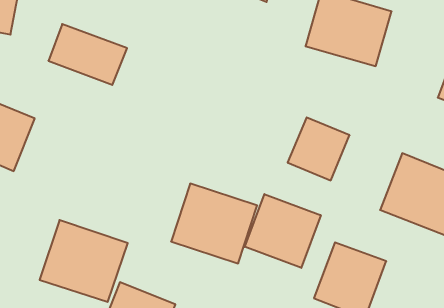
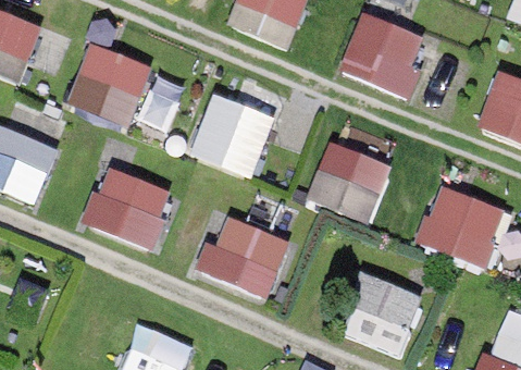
building: none -> [189,97,274,178]
building: [245,194,321,268] -> none
building: [40,220,128,302] -> [83,168,174,252]

